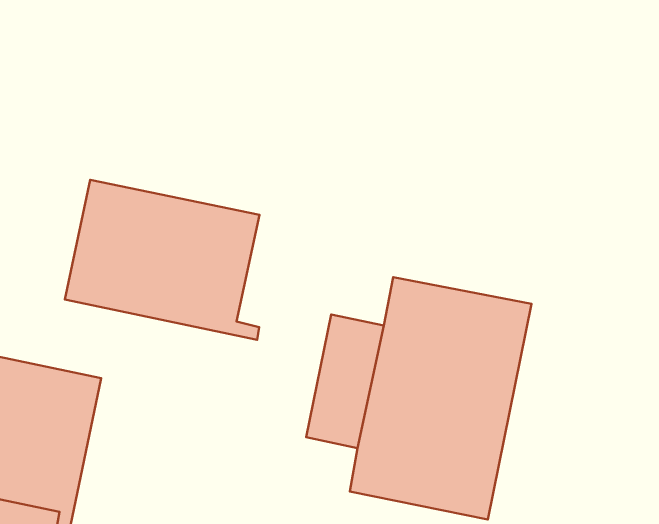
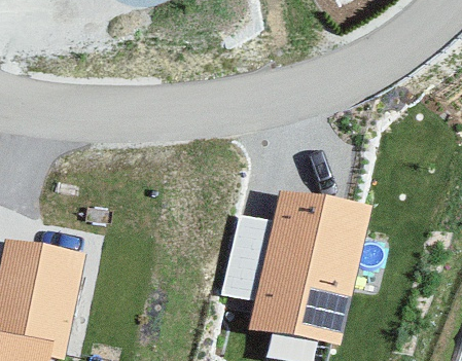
building: [65,180,260,340] -> none

